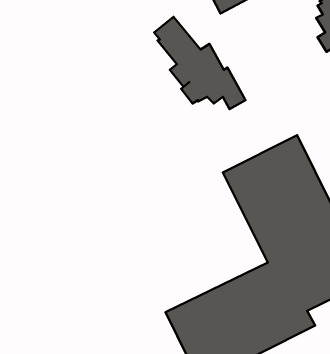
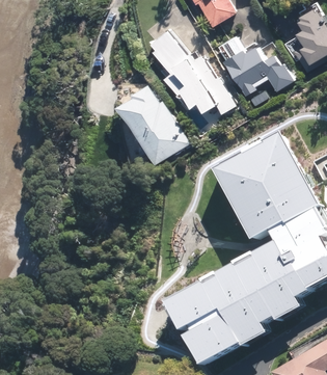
building: none -> [222,45,290,98]
building: none -> [121,83,189,164]

